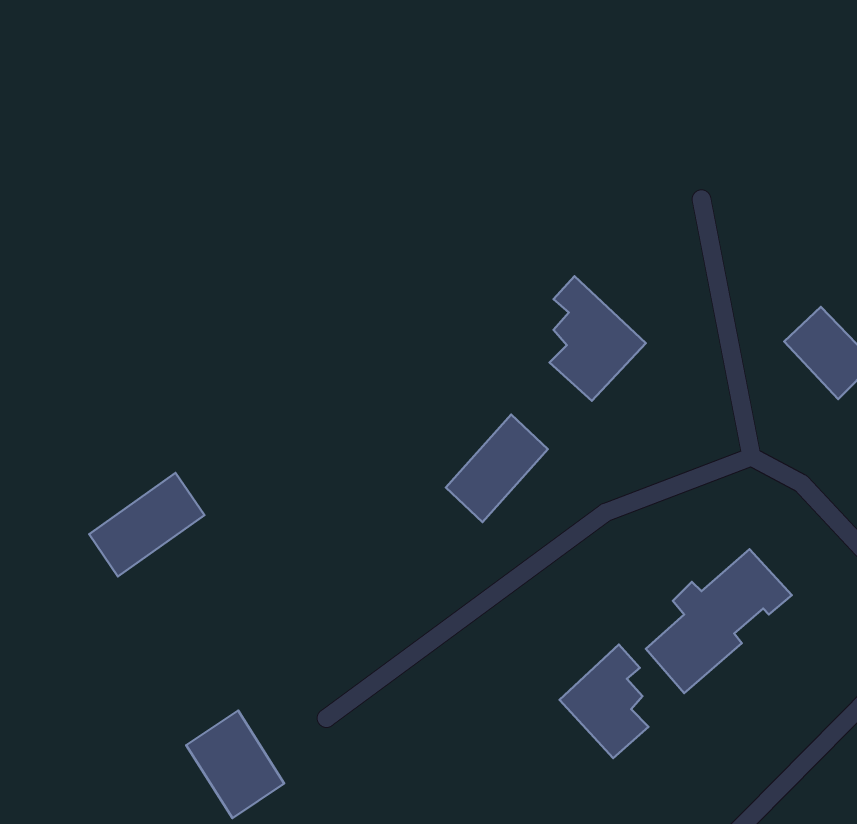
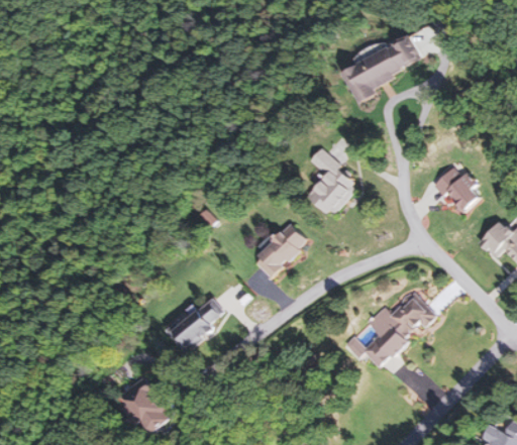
building: none -> [348,39,413,91]
building: [89,473,205,577] -> [168,297,228,351]
building: [559,645,648,758] -> none

